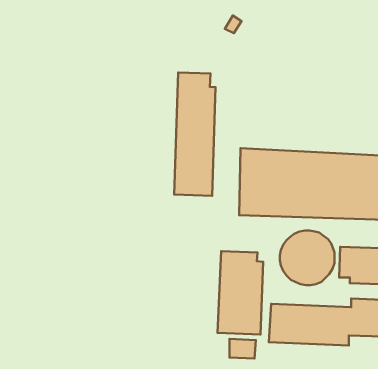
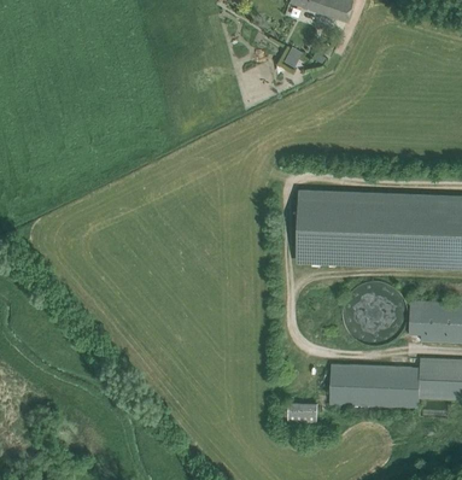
building: [174,73,216,196] -> none
building: [218,251,263,335] -> none

